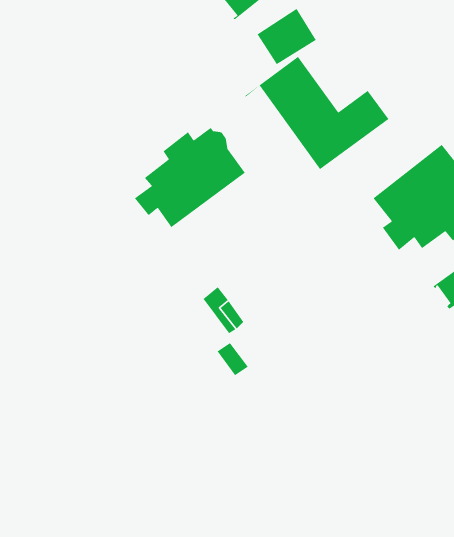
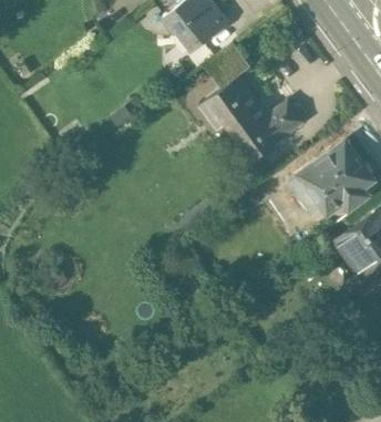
building: [134,127,246,228] -> none

